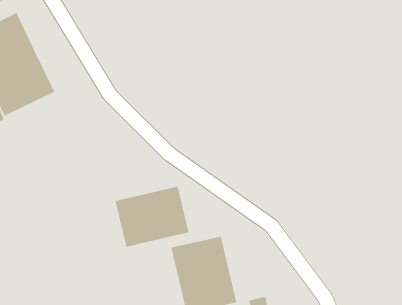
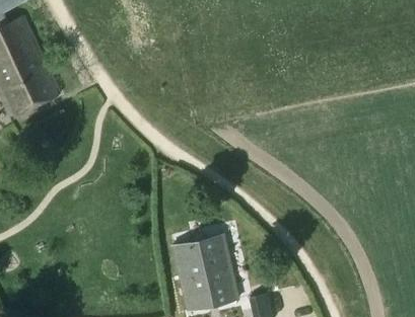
building: [115,186,189,248] -> none

